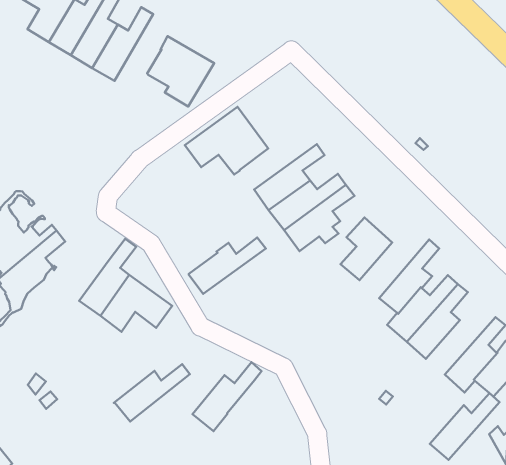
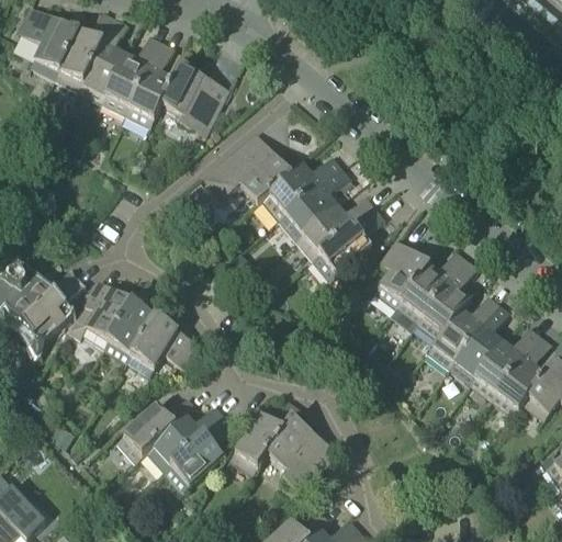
building: none -> [125,41,173,125]
building: none -> [389,249,465,331]
building: [189,237,266,294] -> [262,155,341,217]
building: none -> [67,280,132,346]
building: none -> [116,396,195,461]
building: none -> [165,415,234,489]
building: none -> [266,417,336,492]
building: [430,393,500,460] -> [470,326,540,398]

